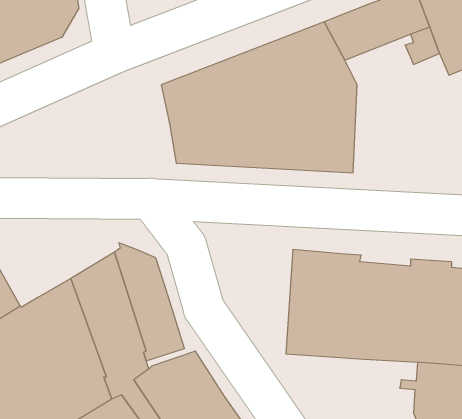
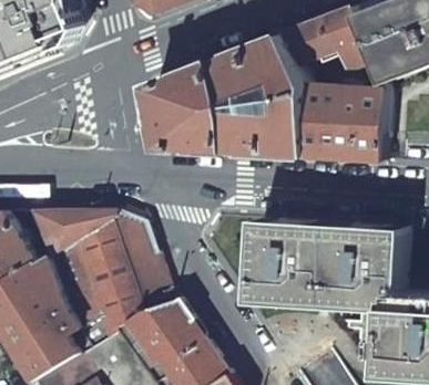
building: none -> [302,83,384,159]
building: none -> [29,209,113,254]

